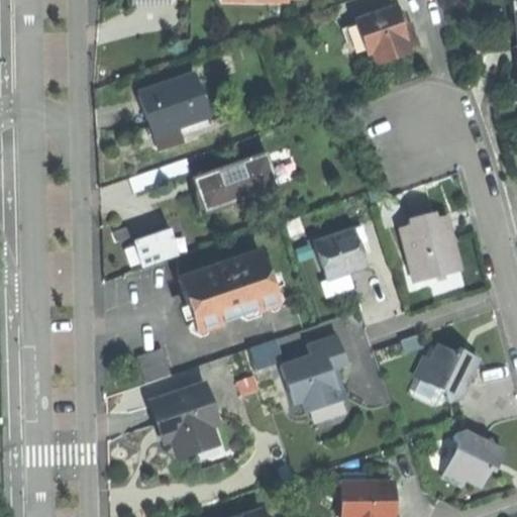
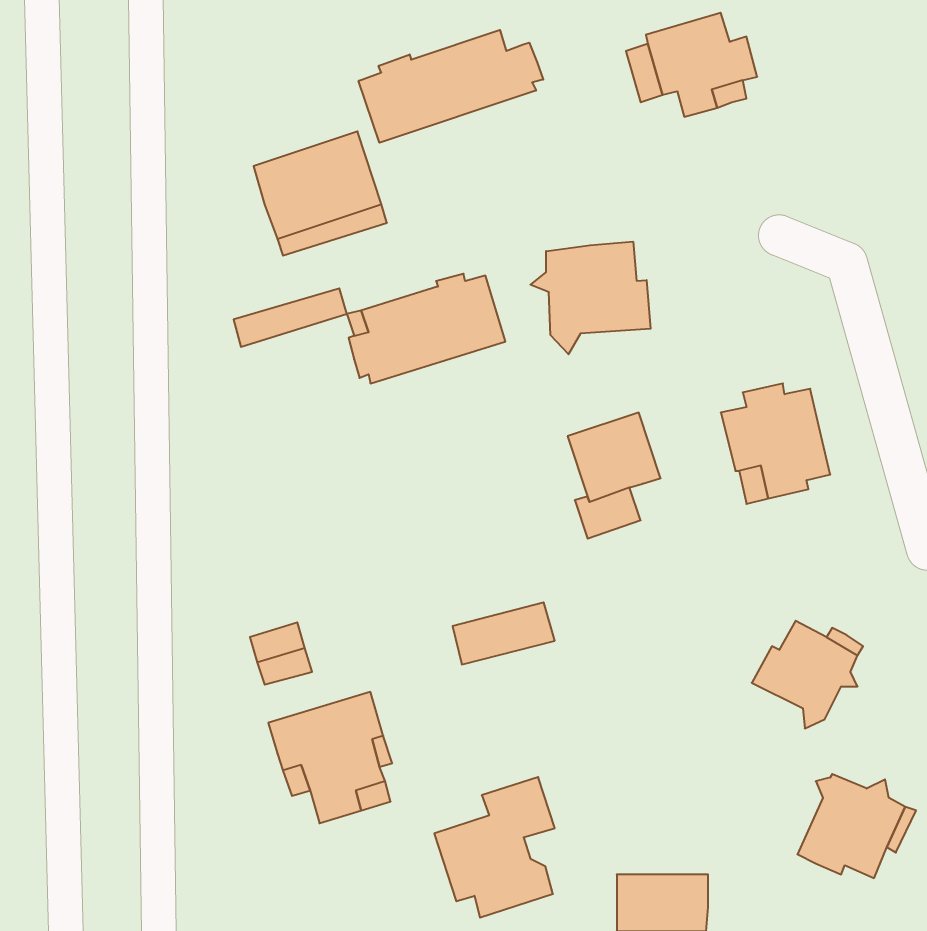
building: none -> [359,30,543,143]
building: none -> [530,242,651,354]
building: [139,228,182,262] -> none
building: [181,251,279,330] -> none
building: [280,334,346,412] -> [434,777,555,918]

